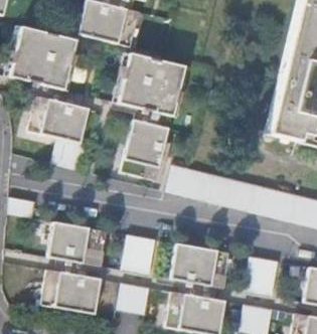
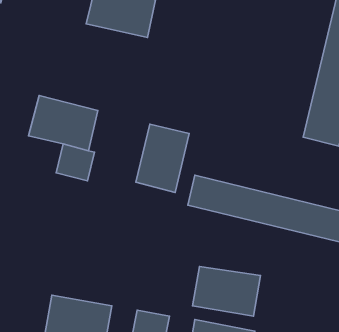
building: [9,27,75,90] -> none
building: [118,54,183,116] -> none
building: [47,222,107,266] -> none
building: [121,234,155,274] -> none
building: [244,256,278,296] -> none

